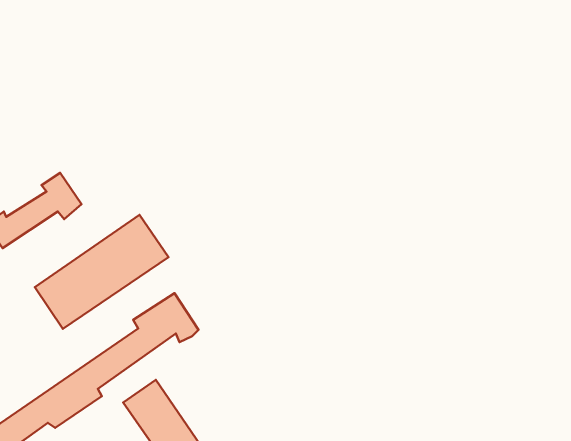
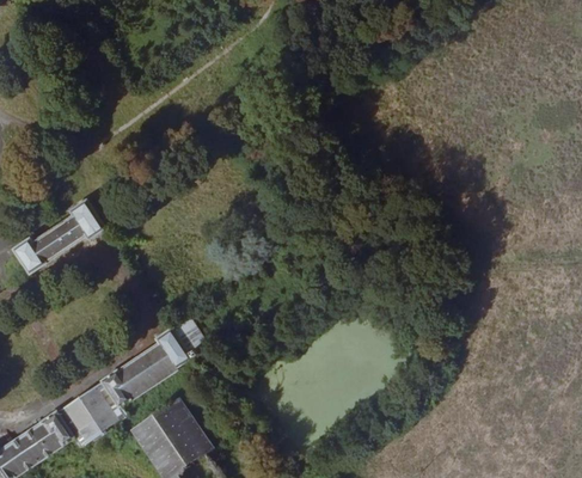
building: [35,215,169,329] -> none

